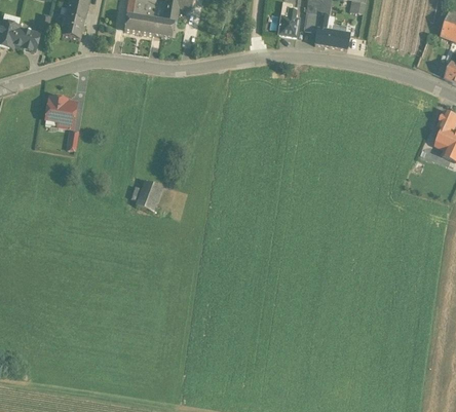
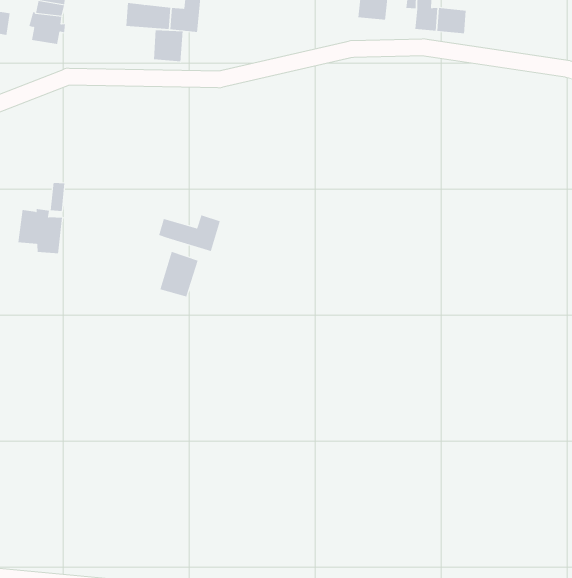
building: none -> [154,30,183,62]
building: [45,96,76,126] -> [18,208,63,254]
building: none -> [159,214,220,252]

